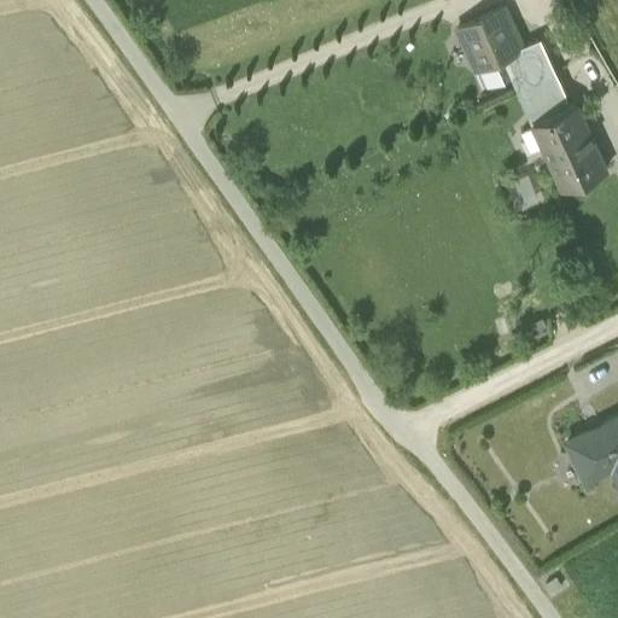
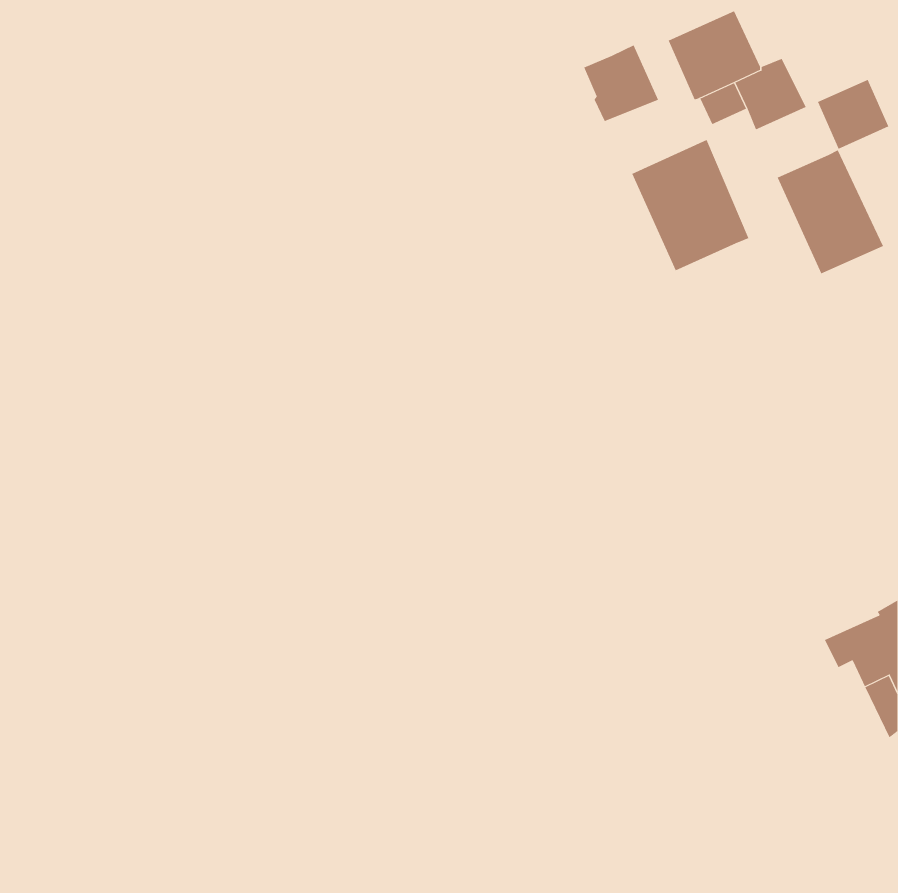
building: none -> [584,45,659,122]
building: [519,77,569,126] -> [817,79,889,149]
building: none -> [632,139,749,271]

